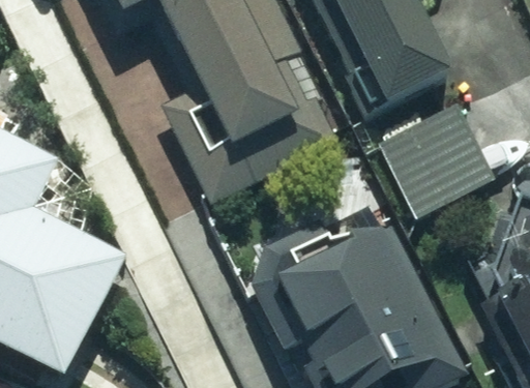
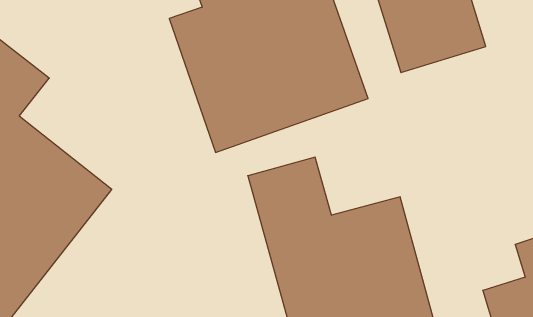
building: [374,96,489,214] -> none

